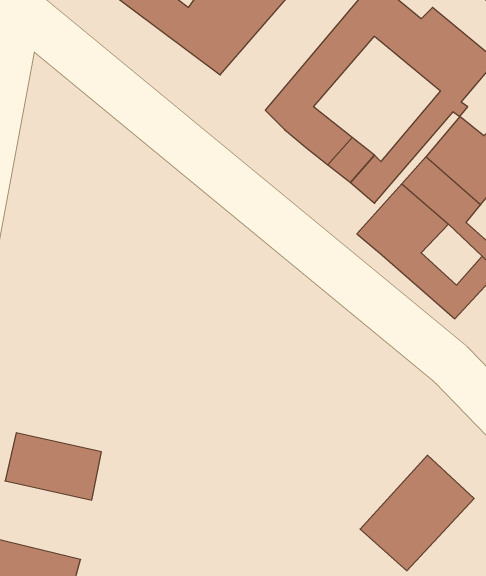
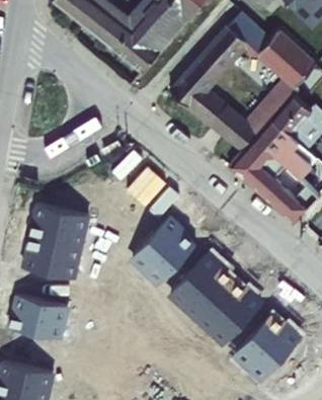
building: none -> [22,207,89,279]
building: none -> [128,217,197,287]
building: none -> [165,249,263,347]

